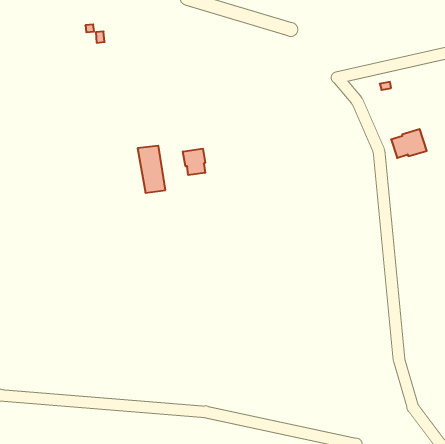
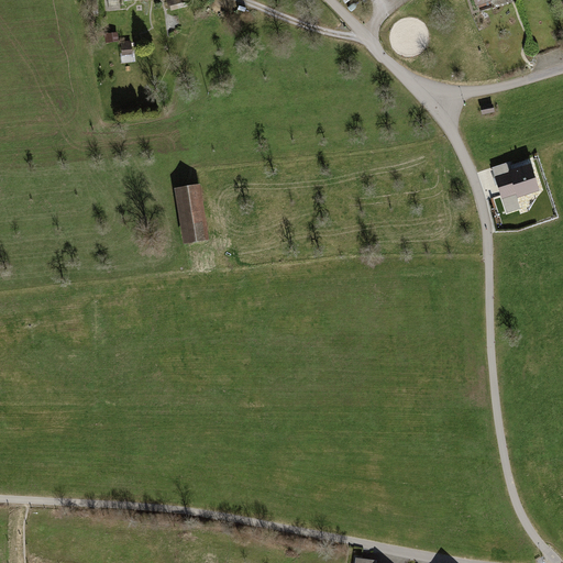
building: [183,149,205,175] -> none

